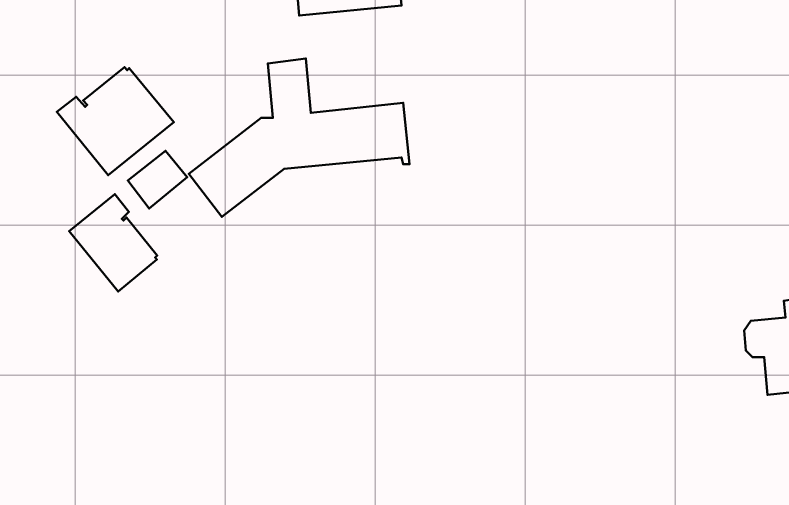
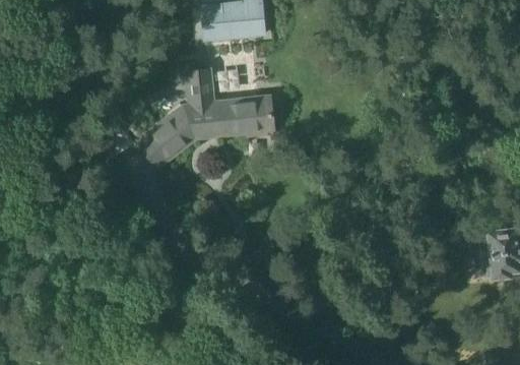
building: [57,67,174,175] -> none
building: [69,194,157,291] -> none

